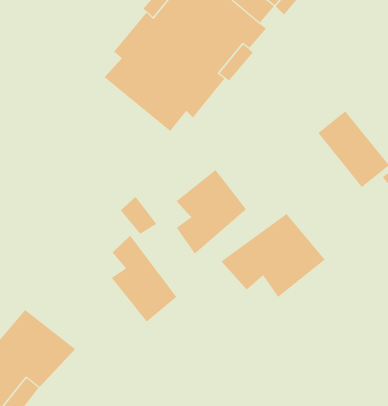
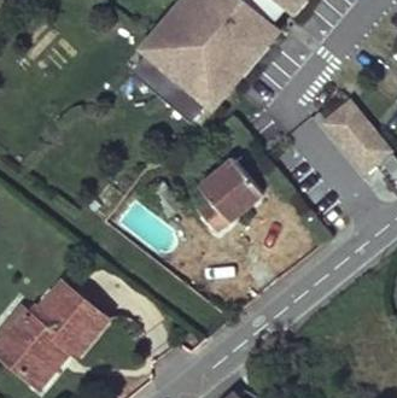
building: [220,213,326,298] -> none
building: [111,235,177,323] -> none

